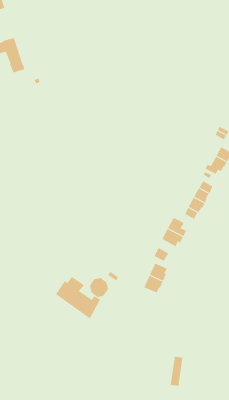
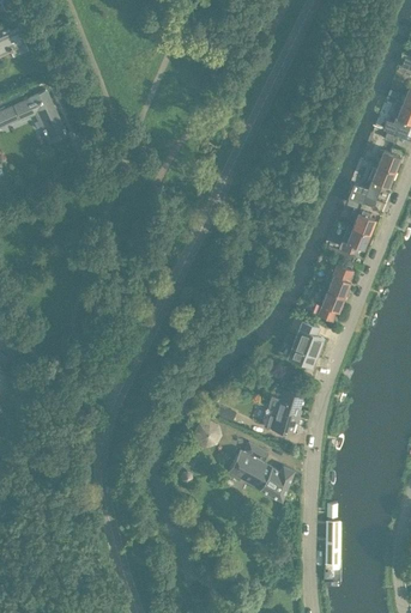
building: [55,276,101,319] -> [226,443,292,502]

